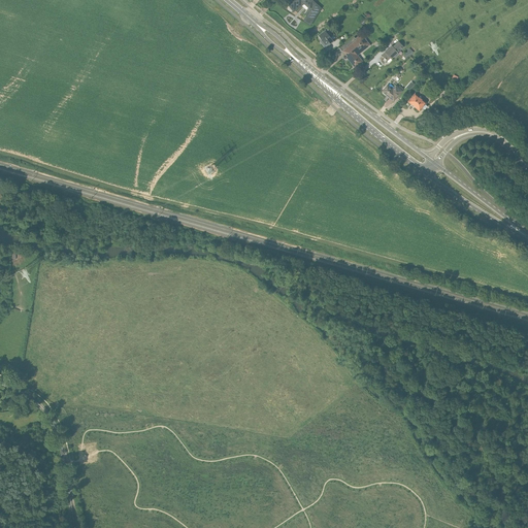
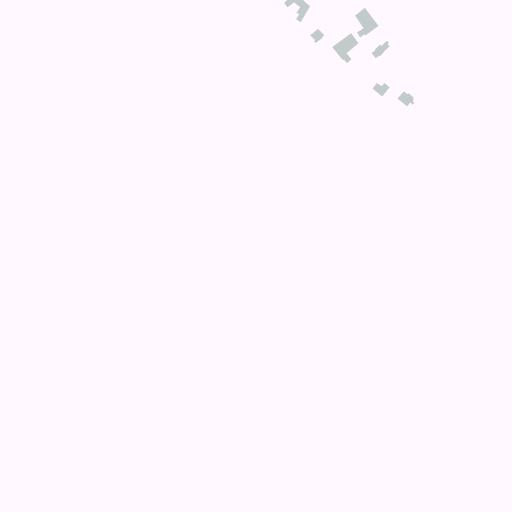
building: none -> [354,7,379,38]

